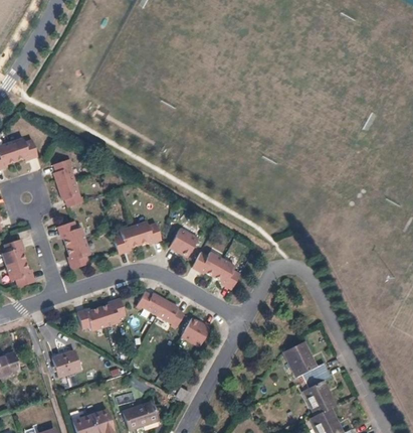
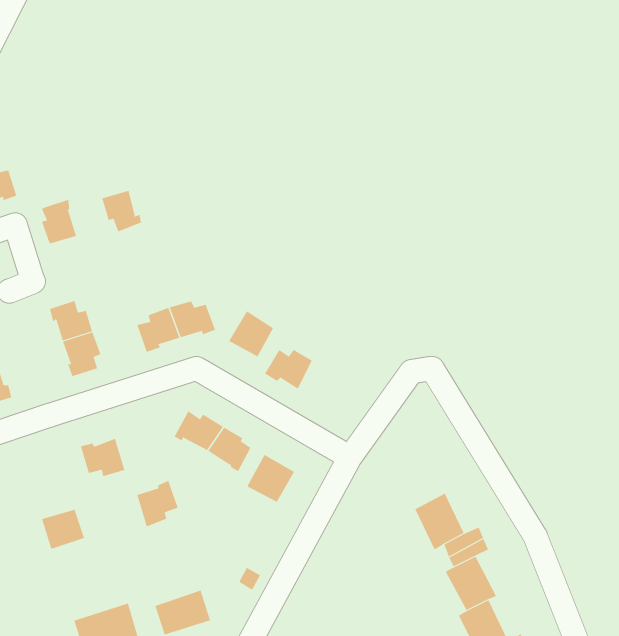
building: [58,181,83,207] -> [102,190,142,232]
building: [213,259,240,290] -> none
building: [99,298,126,327] -> [136,480,178,527]

